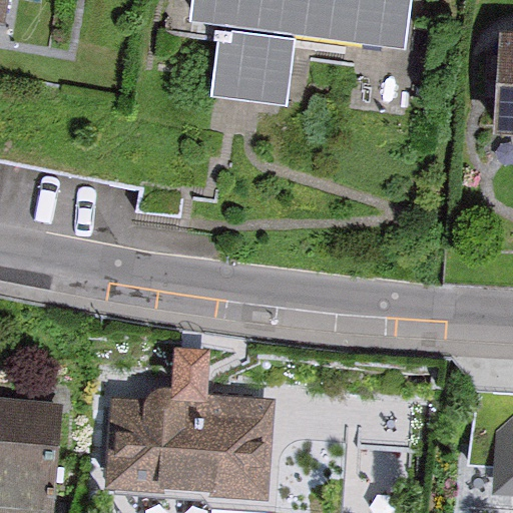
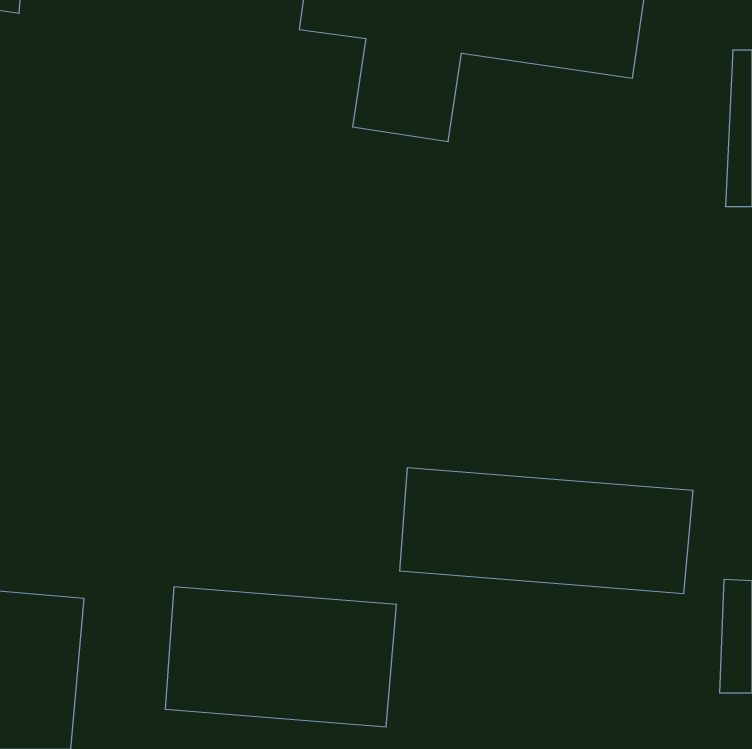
building: none -> [400,468,693,594]

